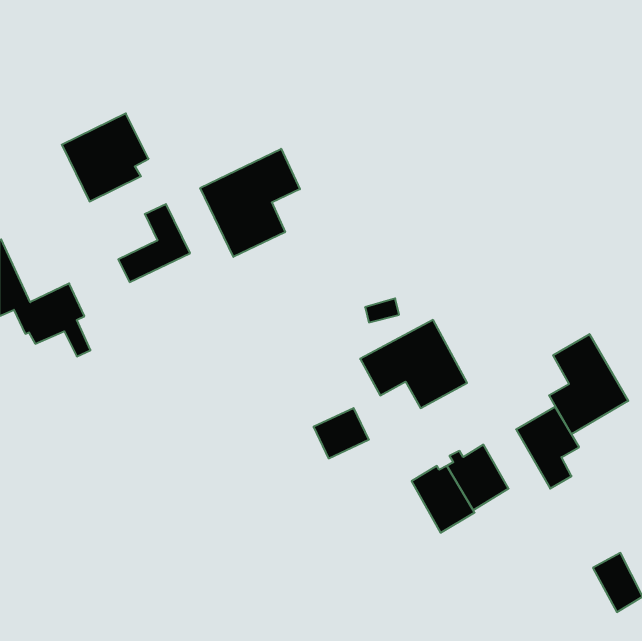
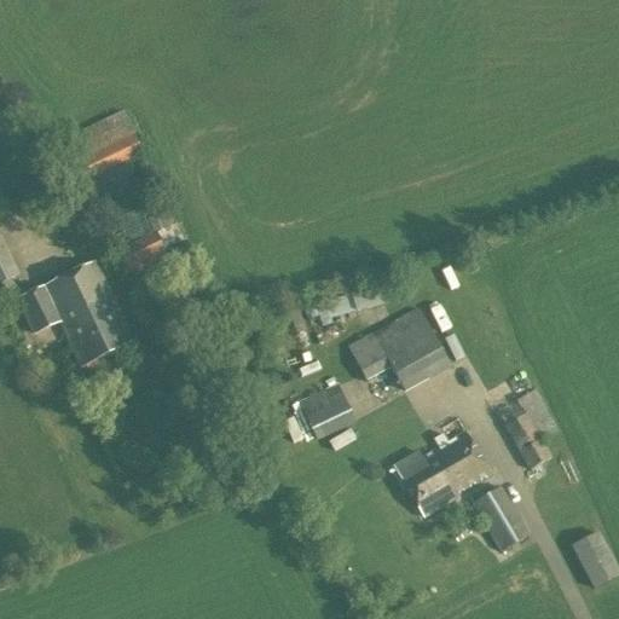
building: [200,149,300,257] -> none
building: none -> [66,259,132,360]
building: [549,334,628,434] -> none
building: none -> [470,486,528,553]

